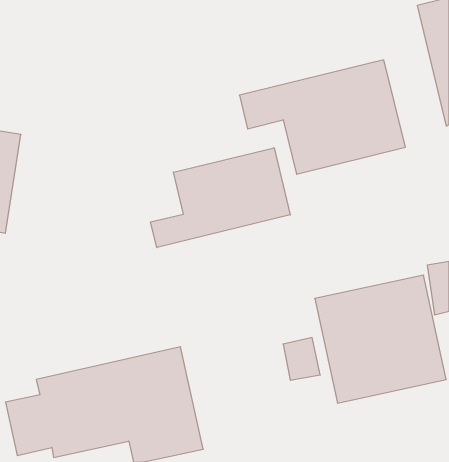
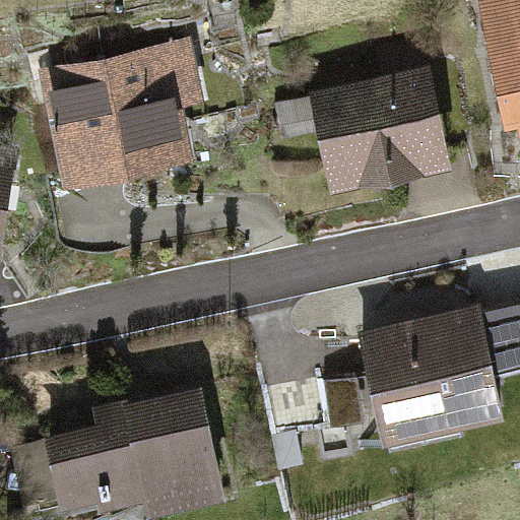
building: none -> [36,41,223,192]
building: [151,148,290,248] -> none

